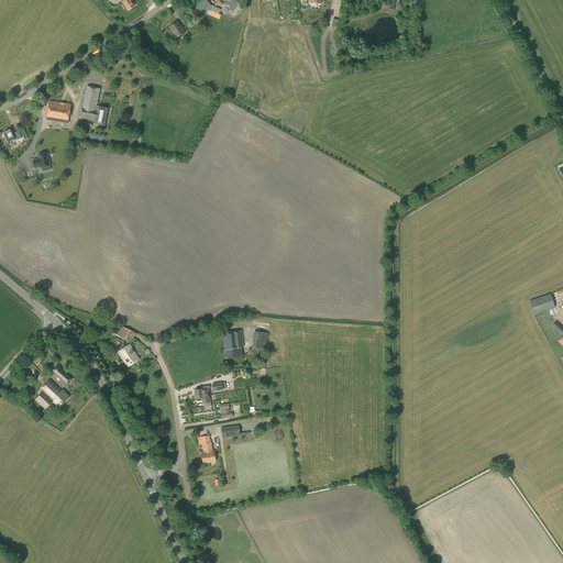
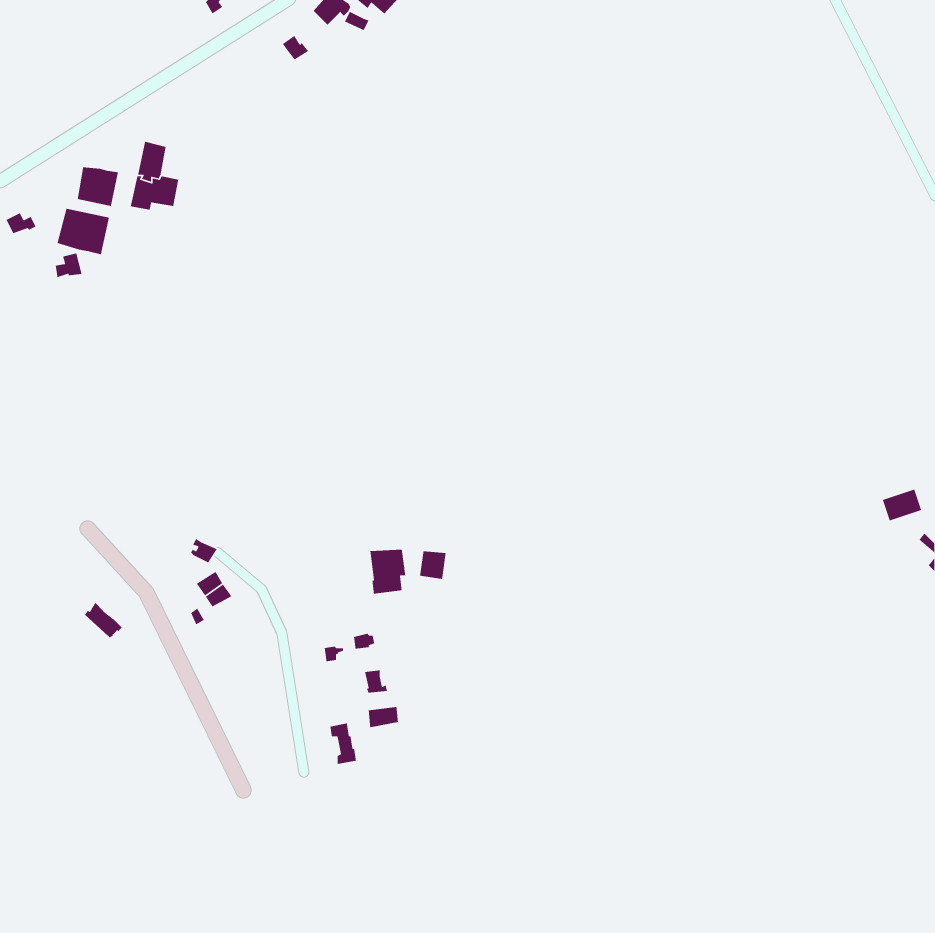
building: none -> [56,208,110,255]
building: [35,378,69,408] -> none

